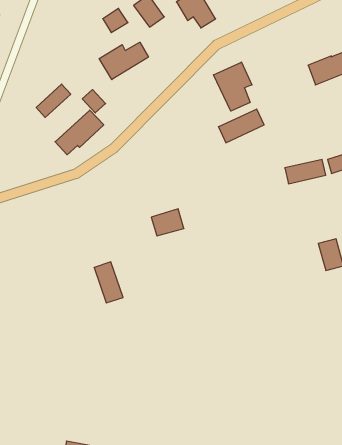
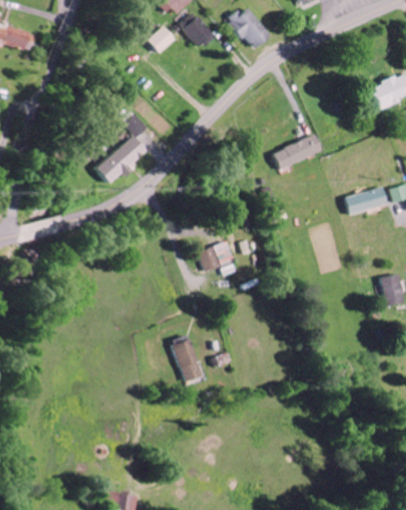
building: [99,42,148,80] -> none
building: [214,62,252,111] -> none
building: [36,84,71,117] -> none
building: [94,262,123,303] -> [171,338,202,382]

